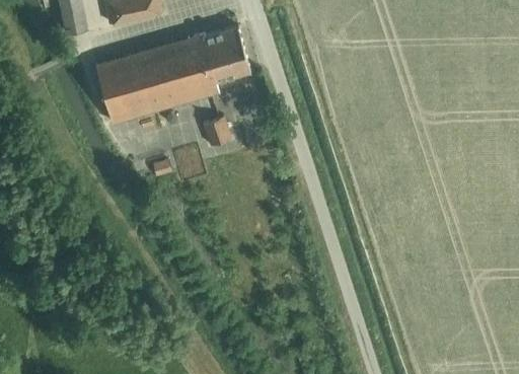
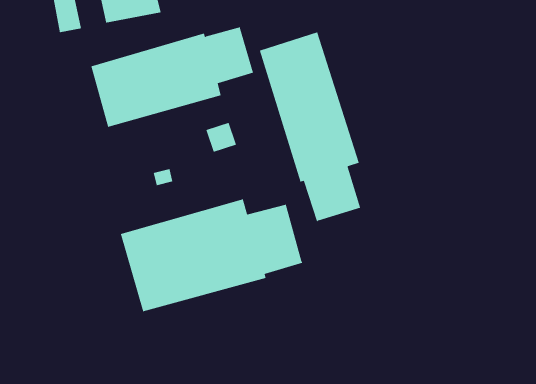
building: none -> [259,31,361,222]
building: none -> [120,199,303,312]

